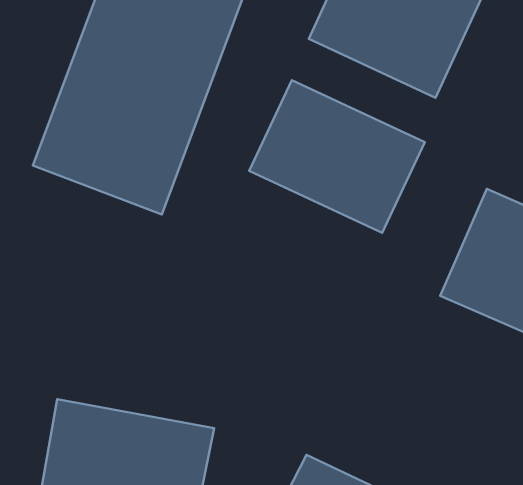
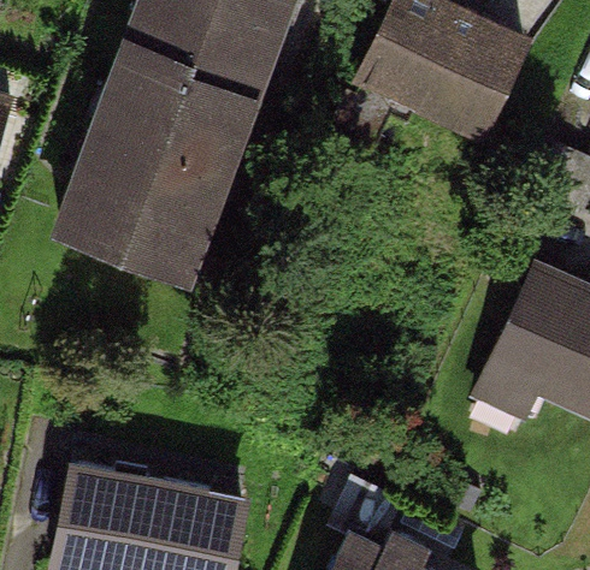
building: [249,80,425,233] -> none

